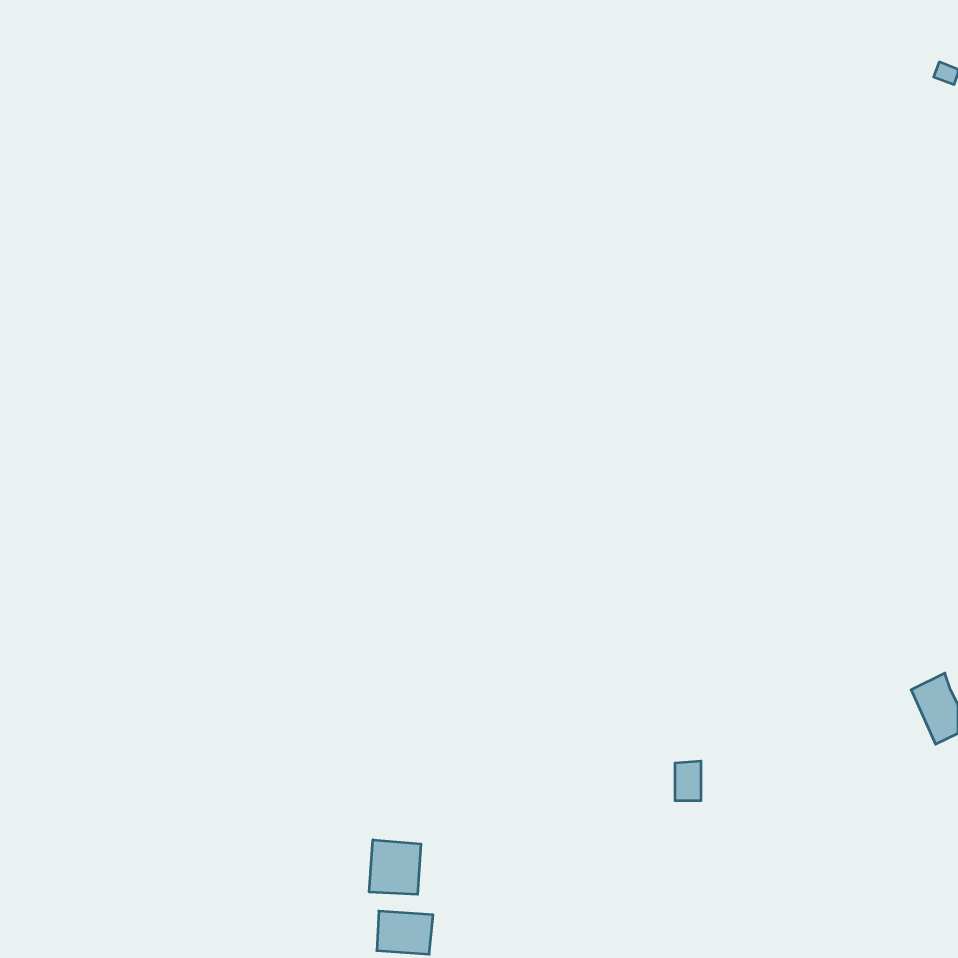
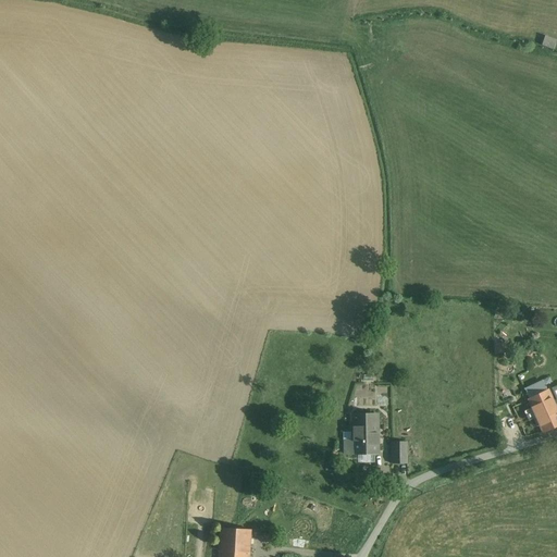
building: none -> [352,414,379,455]
building: [369,840,421,894] -> none

